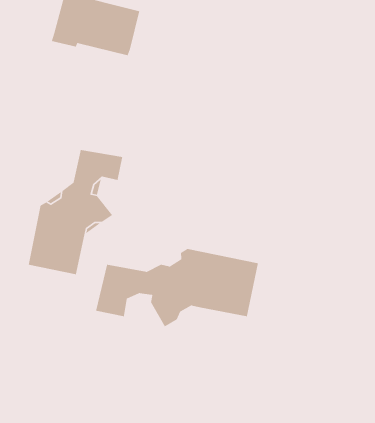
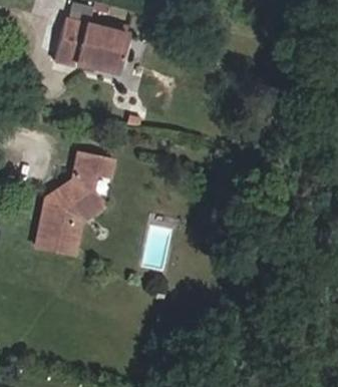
building: [95,248,259,328] -> none

